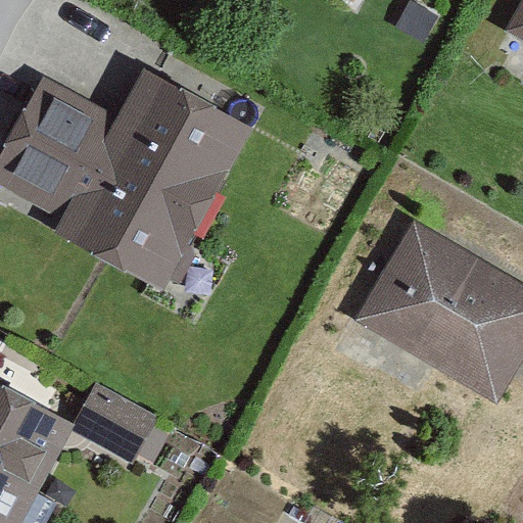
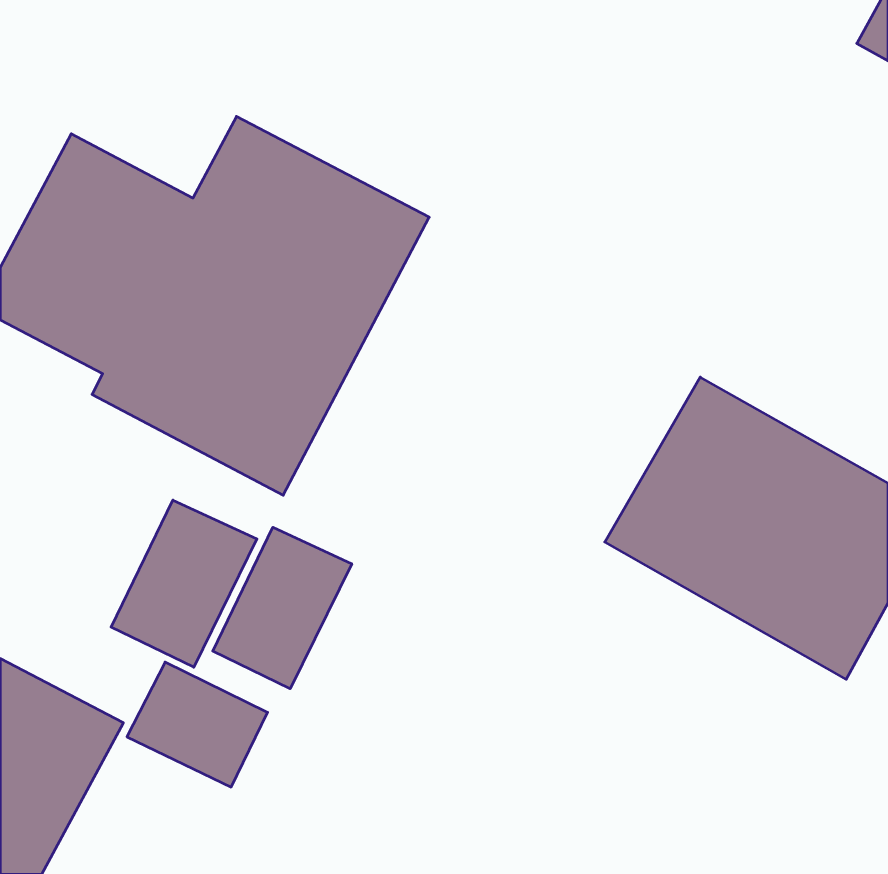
building: none -> [111,500,257,667]
building: none -> [213,527,352,689]

